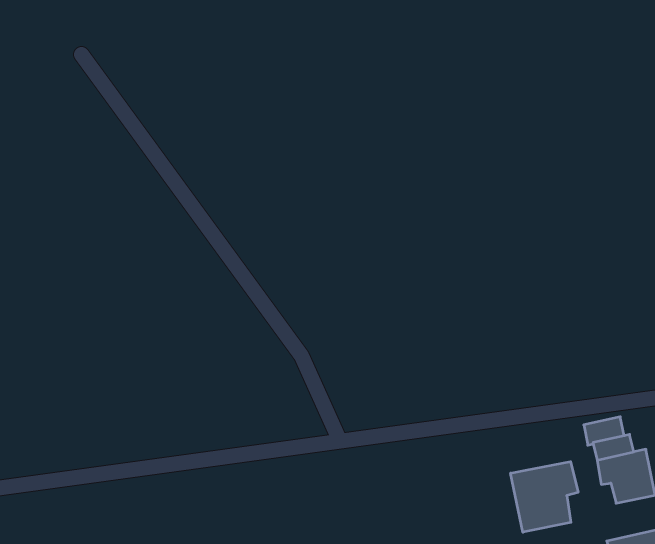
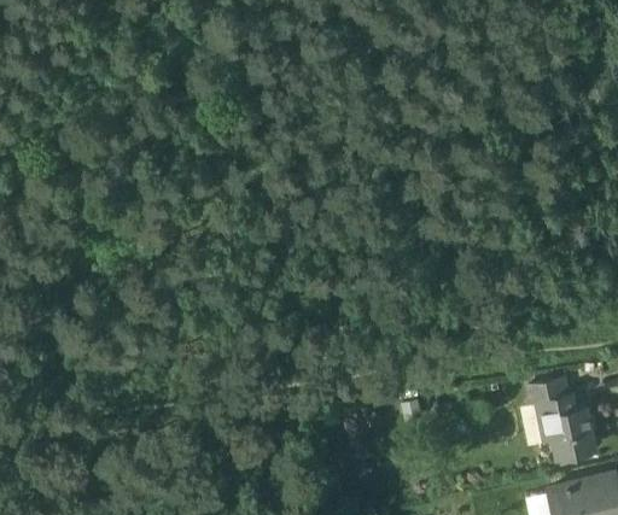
building: [511,462,578,532] -> none

